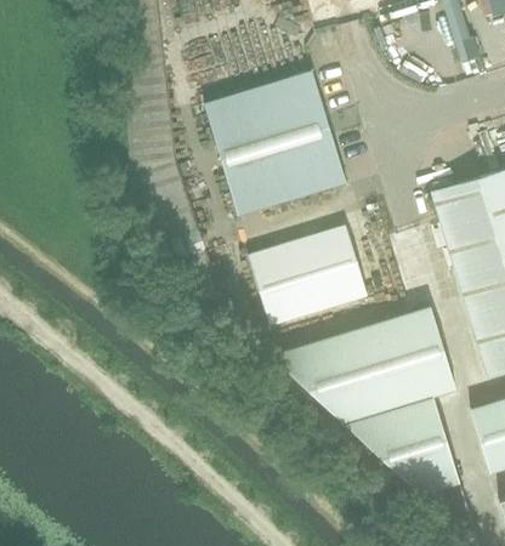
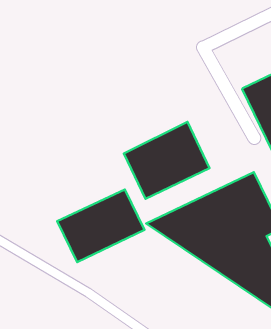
building: [205,69,347,215] -> none
building: none -> [57,189,144,262]

